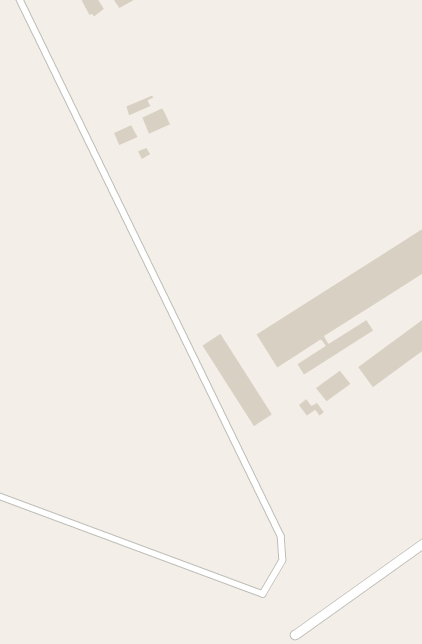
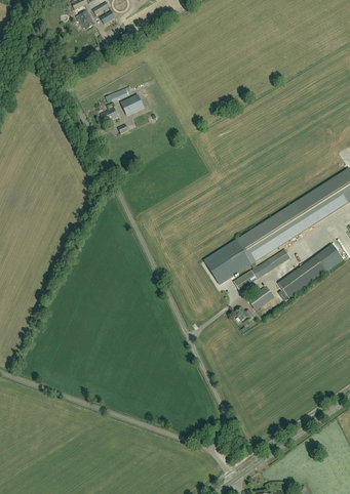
building: [201,333,273,427] -> none

